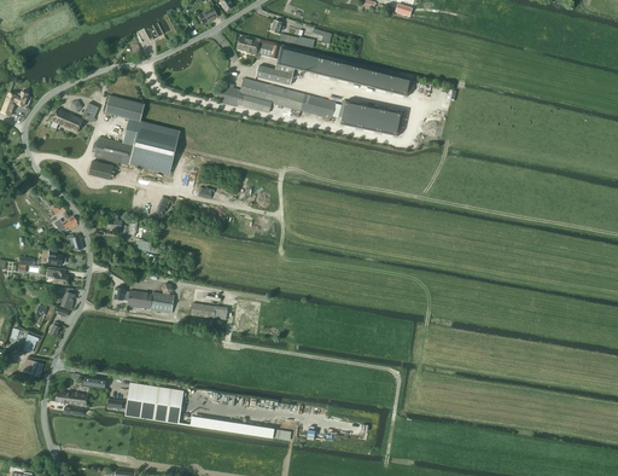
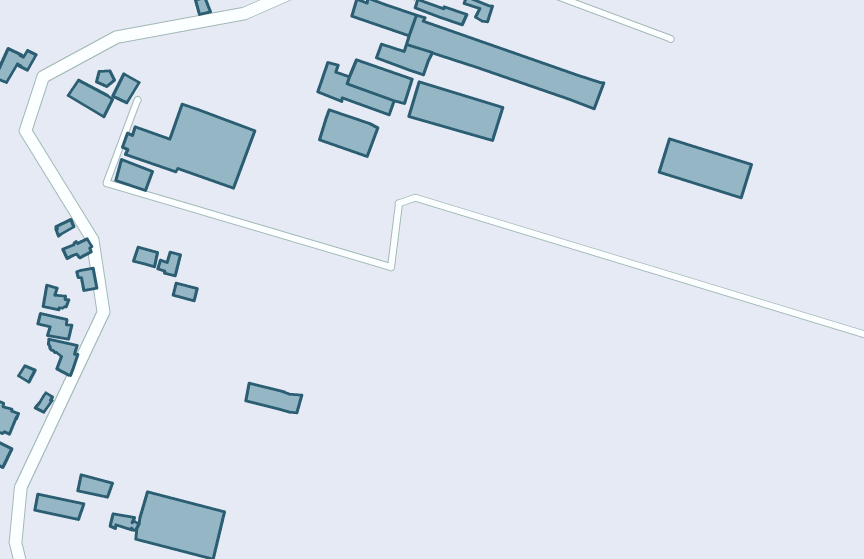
building: [105,94,145,121] -> none
building: [340,100,402,135] -> [659,139,751,198]
building: none -> [319,110,378,157]
building: [115,286,174,312] -> none

